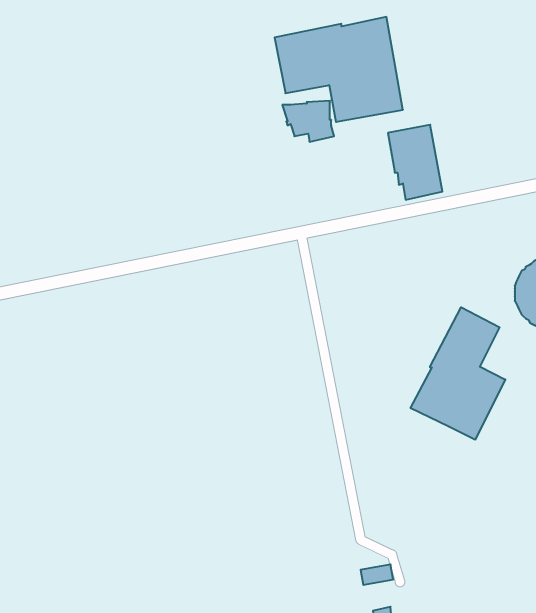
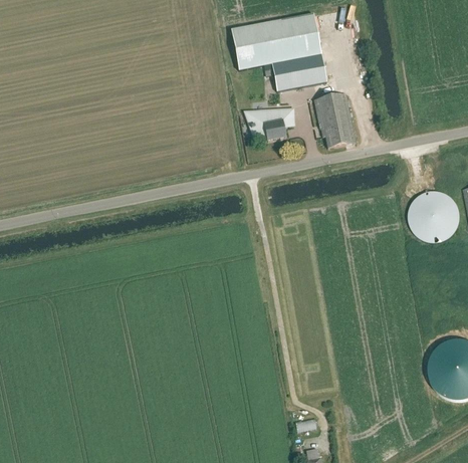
building: [282,101,334,142] -> [247,108,285,139]
building: [411,307,505,440] -> none

